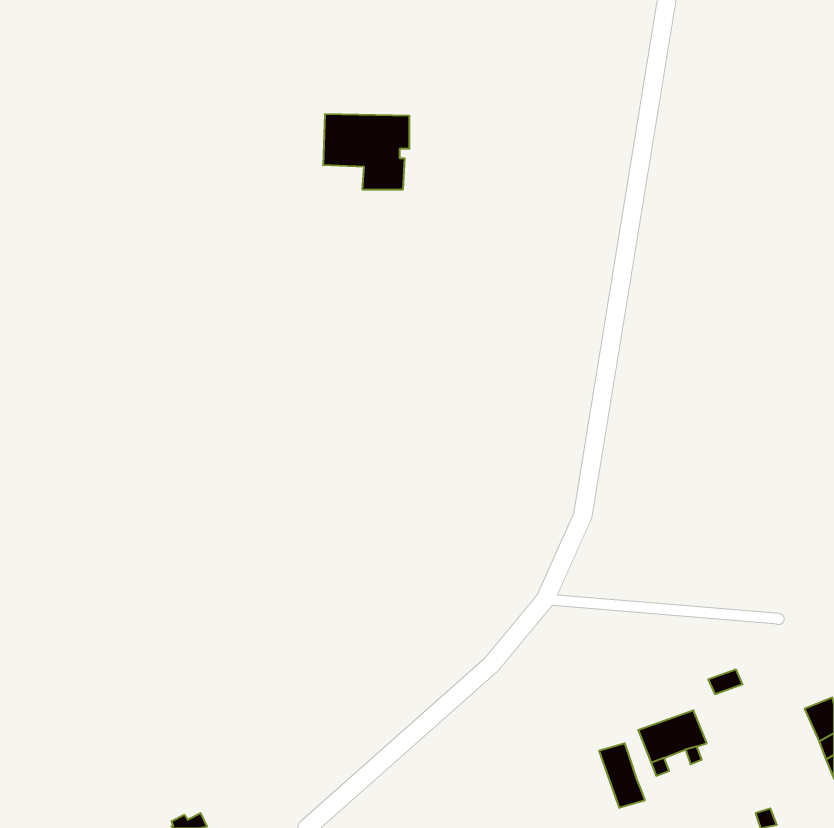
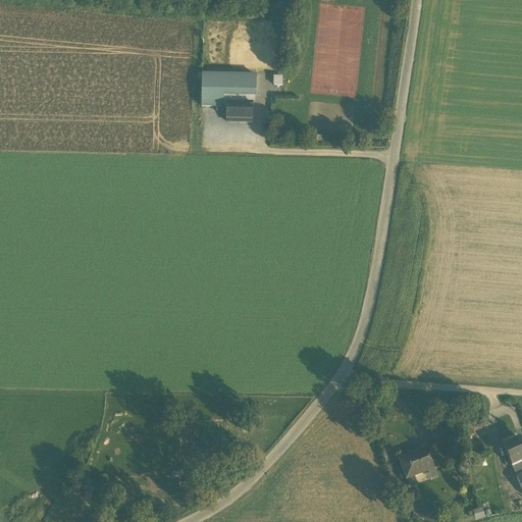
building: [599,743,645,808] -> none

